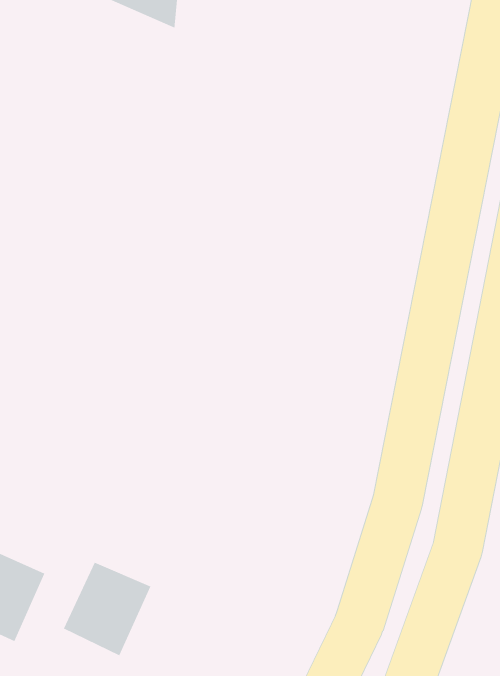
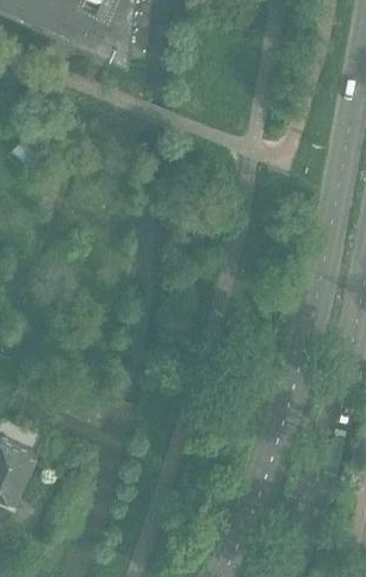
building: [63,562,151,656] -> none

